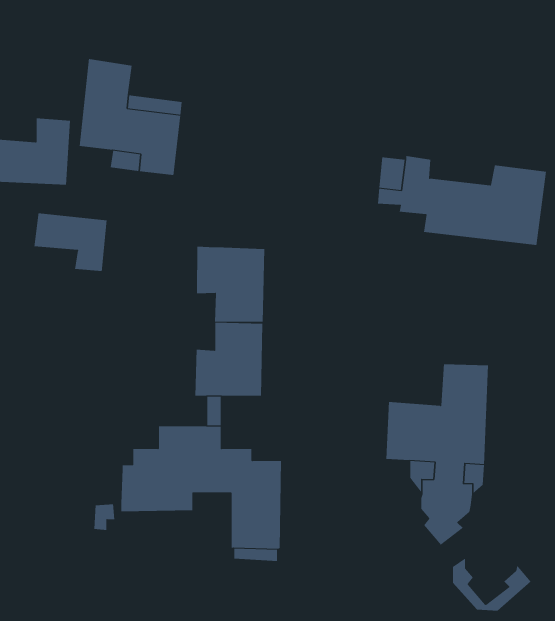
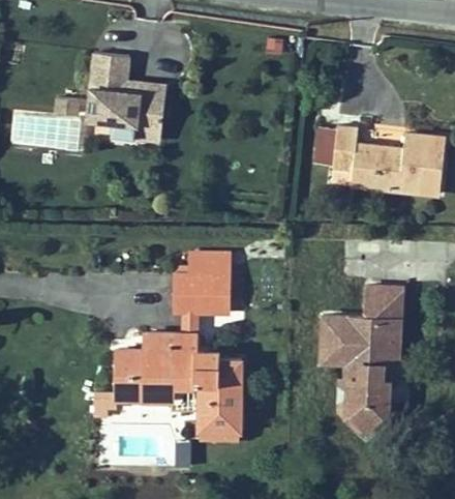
building: [34,212,107,272] -> none
building: [196,246,265,323] -> none
building: [452,557,532,611] -> [338,389,399,431]

